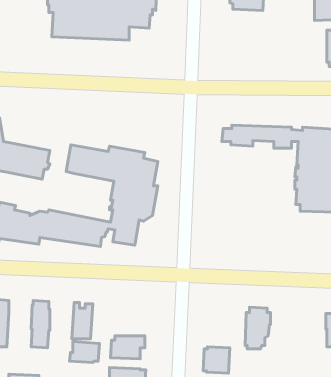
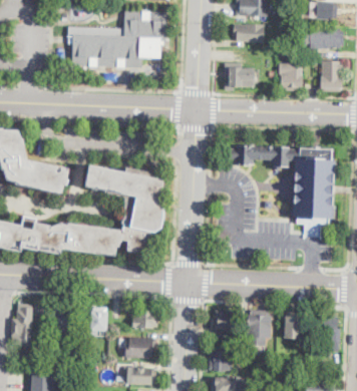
building: none -> [279,61,303,90]
building: none -> [224,64,254,91]
building: none -> [214,310,235,330]
building: none -> [284,312,301,338]
building: [70,341,99,362] -> [131,308,158,327]

